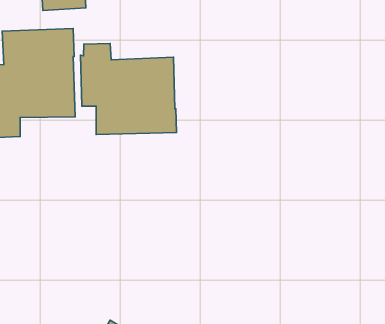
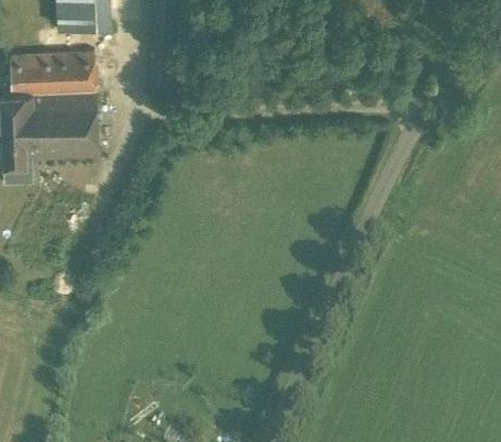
building: [80,44,177,135] -> none

